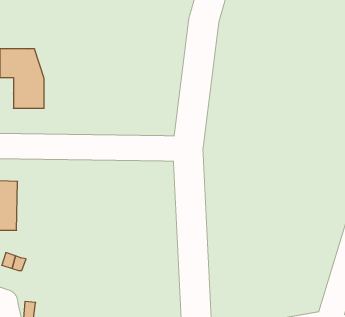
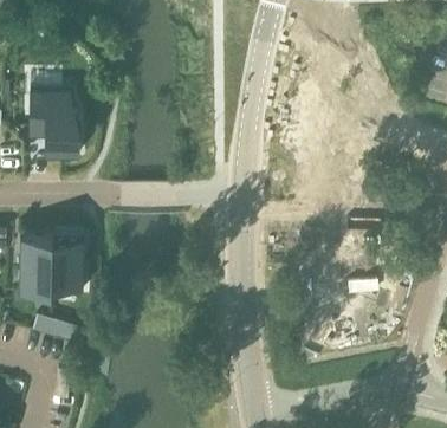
building: none -> [50,236,85,292]

